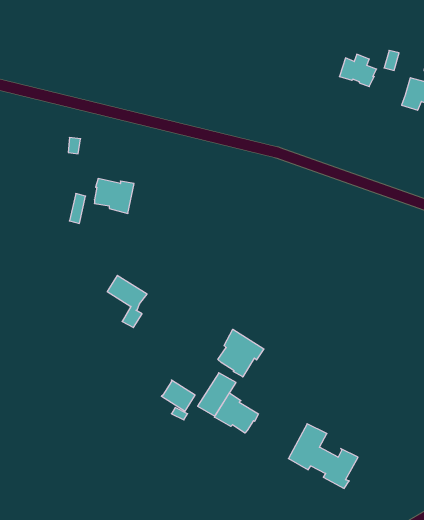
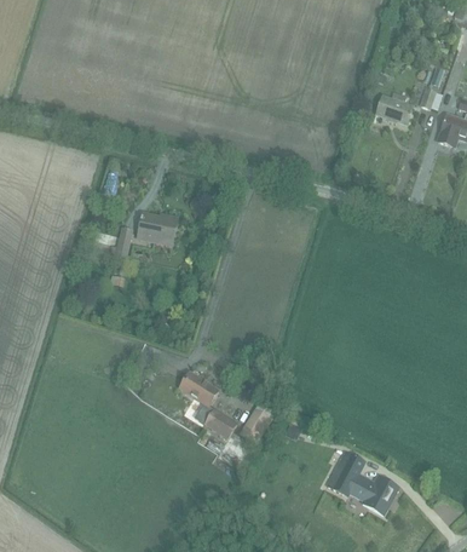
building: [107,275,147,328] -> [179,372,218,422]
building: [218,329,264,377] -> none
building: [214,393,258,433] -> none

